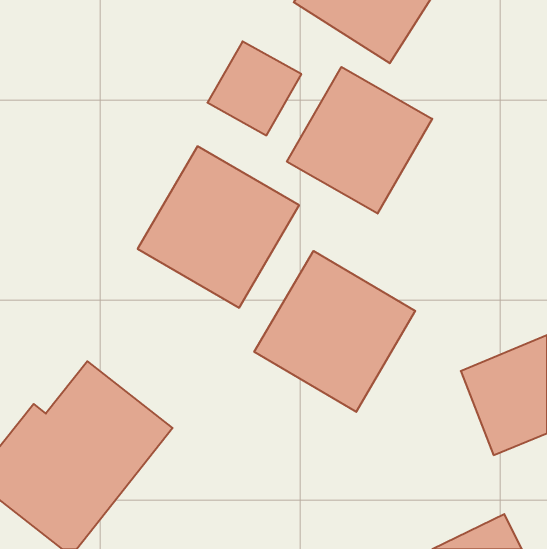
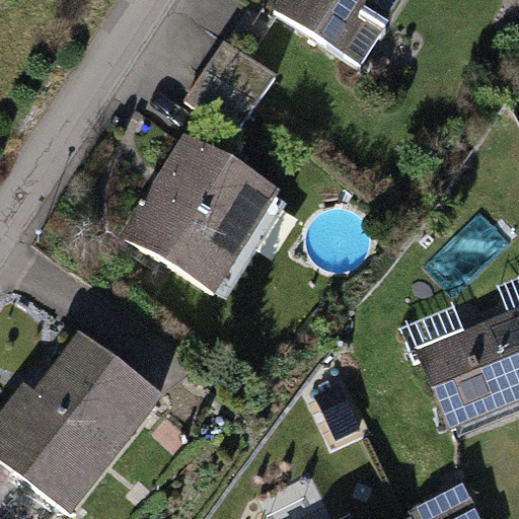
building: [287,67,432,214] -> none
building: [254,251,415,412] -> none

